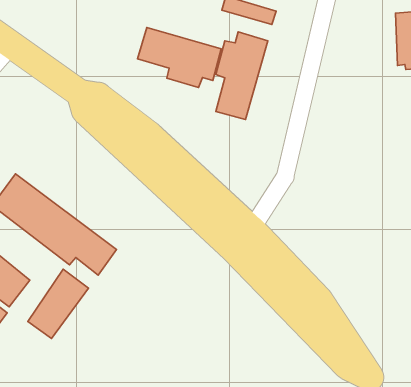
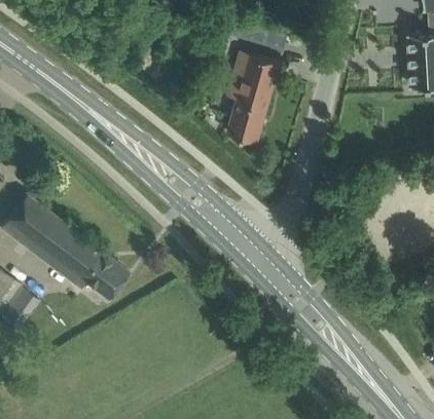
building: [138,28,221,88] -> none
building: [28,269,89,338] -> none

